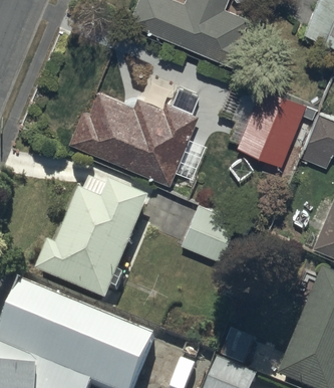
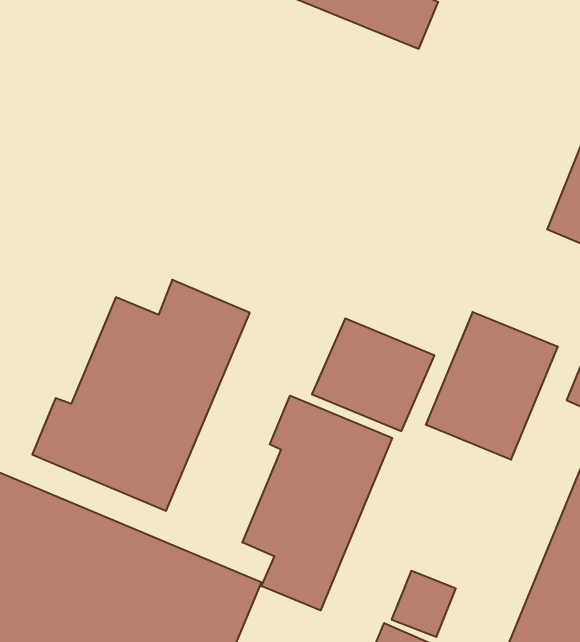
building: [237,85,305,162] -> [426,312,558,460]
building: [69,87,199,181] -> none
building: none -> [242,396,392,610]

